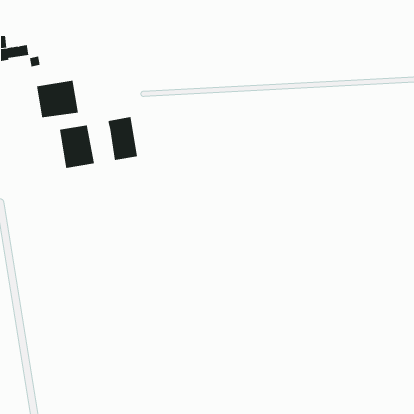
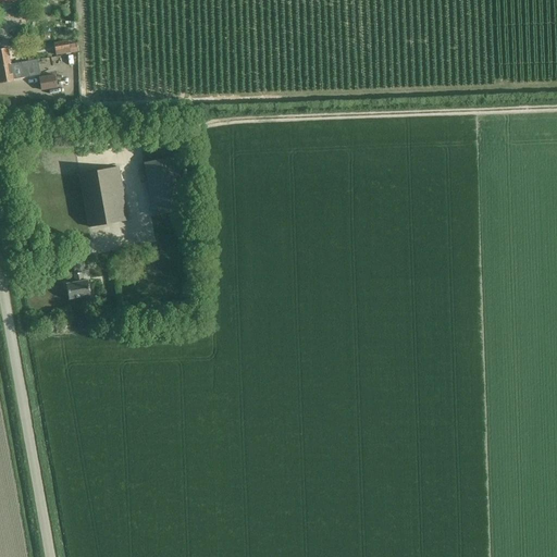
building: [37,80,78,118] -> none
building: none -> [65,271,89,298]

